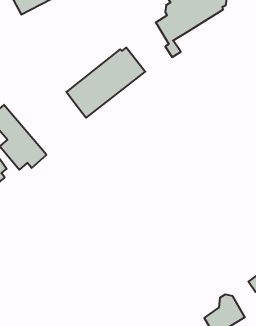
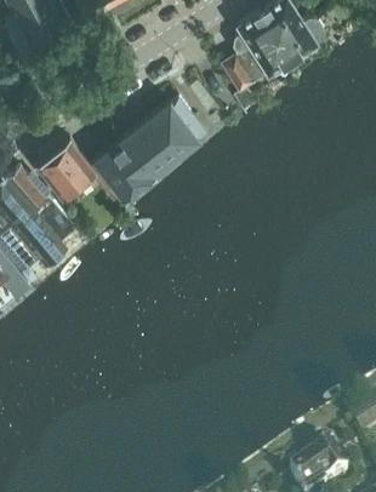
building: none -> [36,141,101,200]
building: none -> [7,168,76,244]

